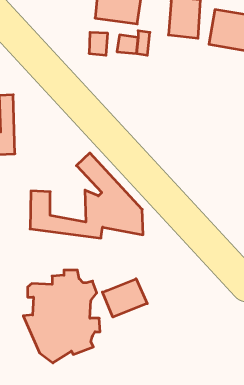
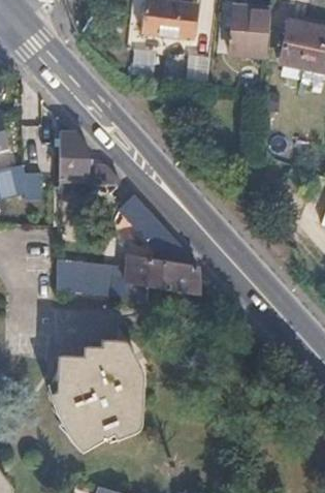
building: none -> [61,119,128,189]
building: [102,279,147,317] -> none

